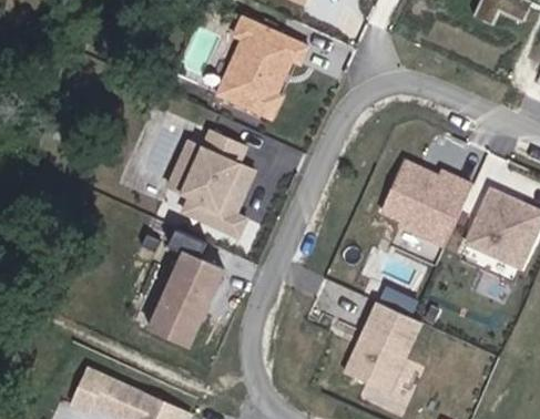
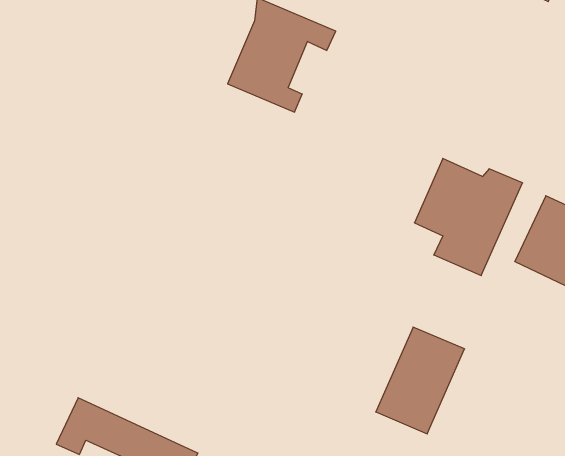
building: [167,127,254,231] -> none
building: [149,248,222,345] -> none

